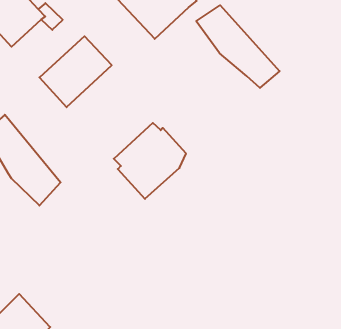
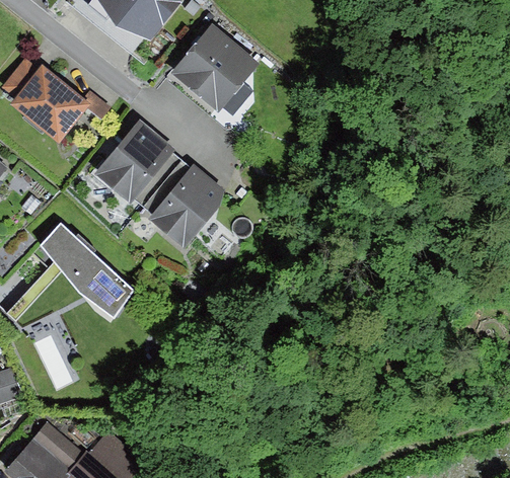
building: [196,5,280,88] -> none
building: [114,123,186,199] -> [143,160,224,247]

